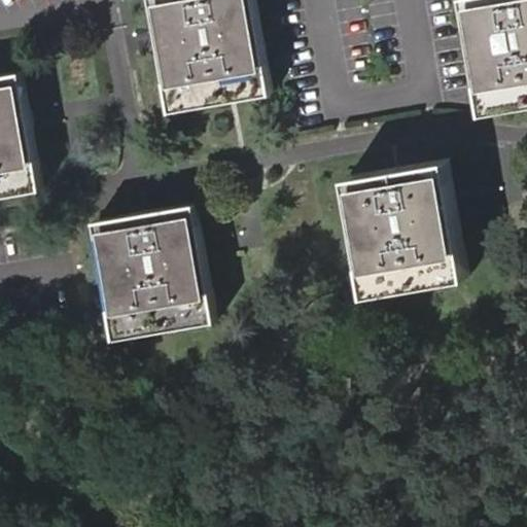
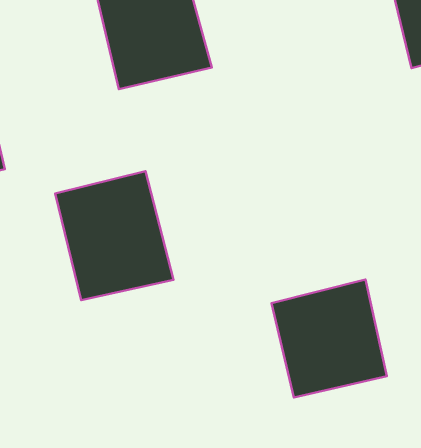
building: [343,161,464,298] -> none
building: none -> [272,279,387,398]

